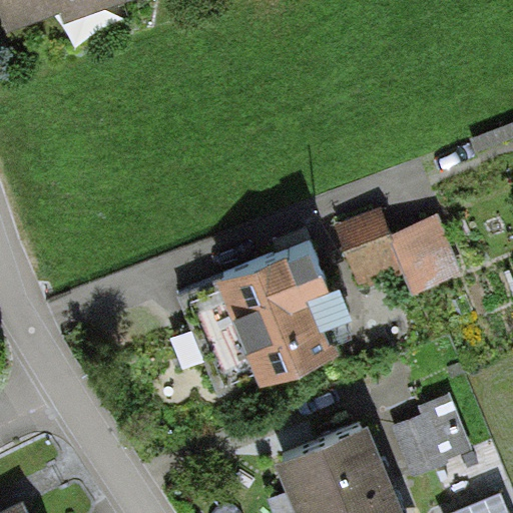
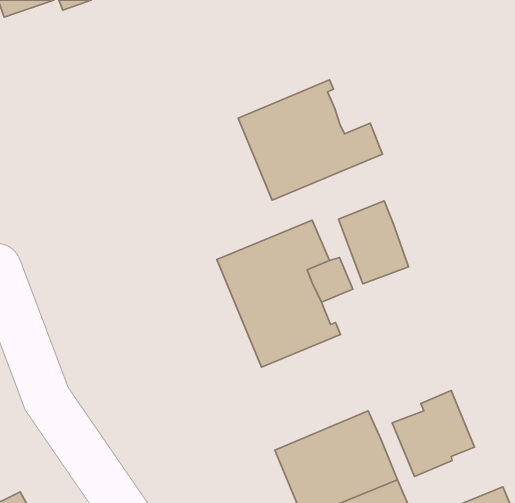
building: none -> [238,80,383,200]
building: [389,219,458,297] -> none

